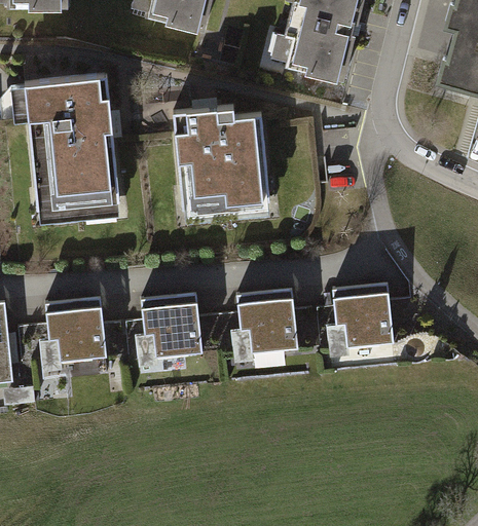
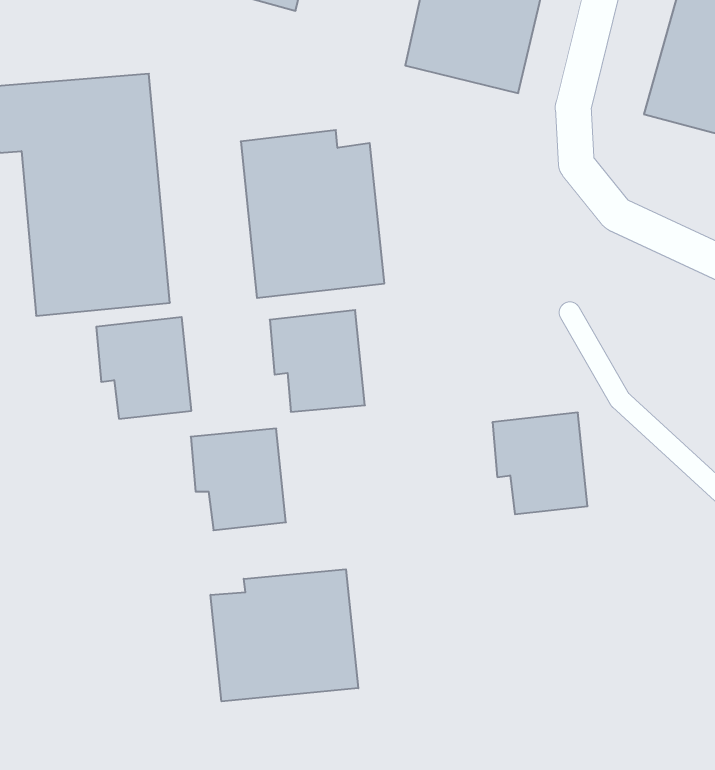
building: [235,290,296,354] -> [270,310,365,412]
building: [44,299,105,364] -> [96,317,191,419]
building: none -> [211,569,358,701]

